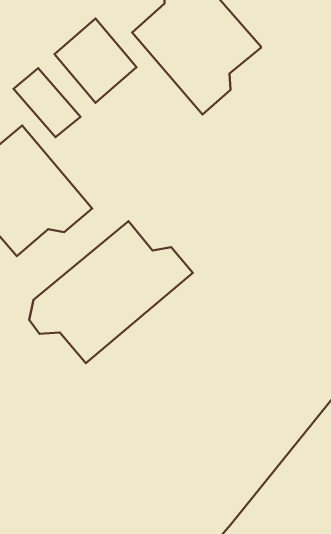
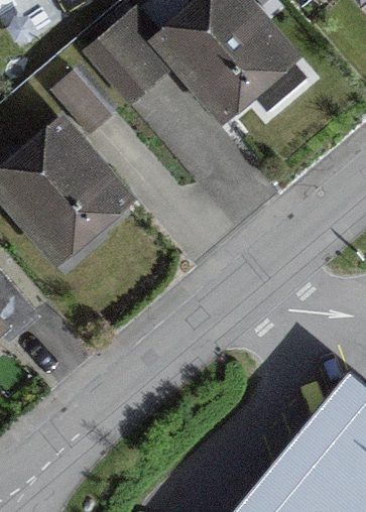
building: [29,221,193,363] -> none

